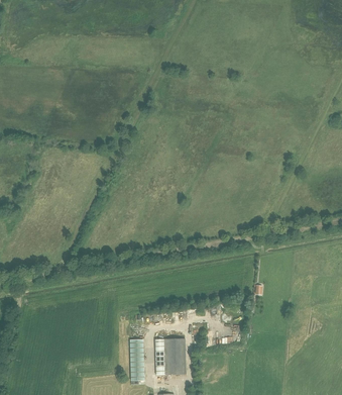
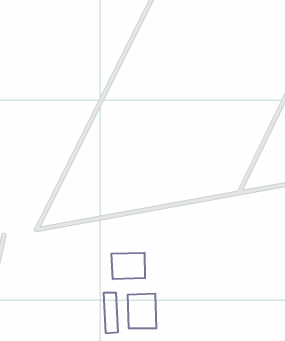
building: none -> [111,253,145,279]

